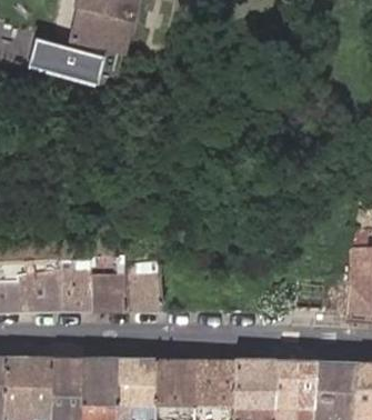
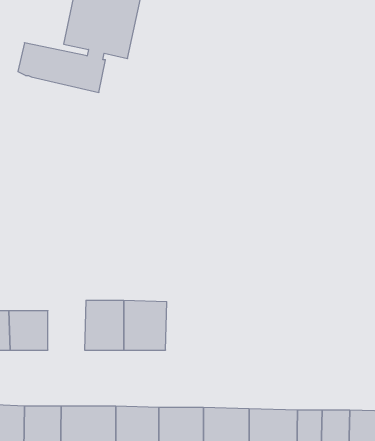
building: [60,262,92,311] -> none

